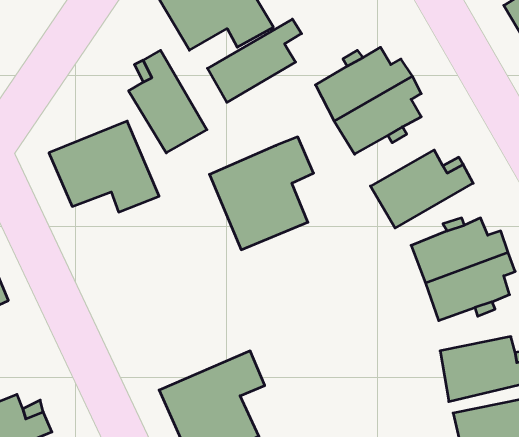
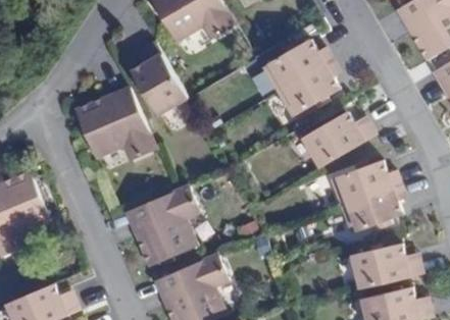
building: [207,19,302,102] -> none
building: [209,137,314,250] -> [127,185,200,265]

